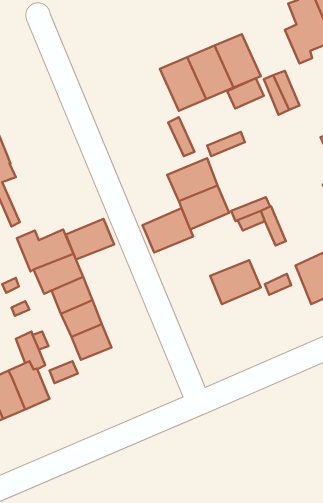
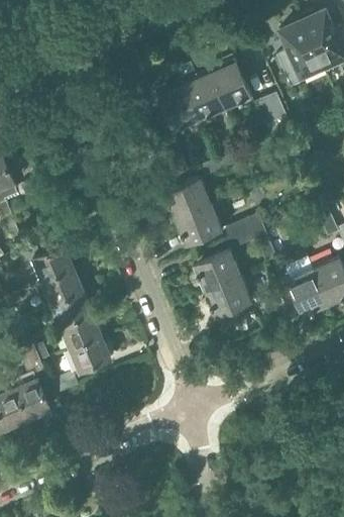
building: [227,78,264,109] -> none
building: [143,208,193,252] -> [194,248,242,291]
building: [66,219,114,259] -> none

